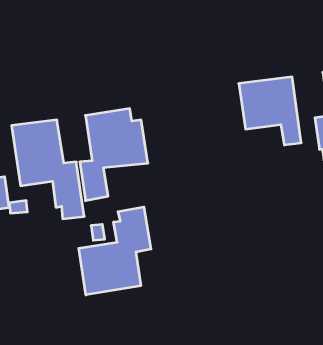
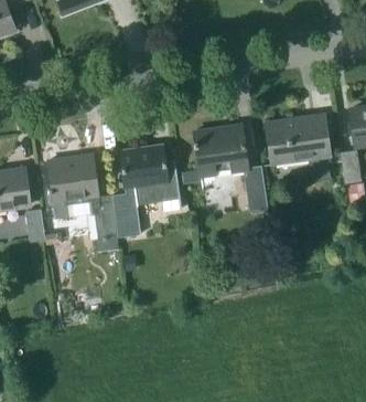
building: none -> [194,126,266,211]
building: [79,207,151,295] -> none

